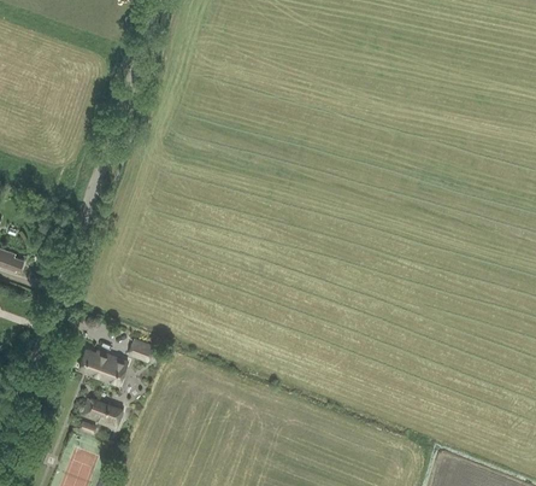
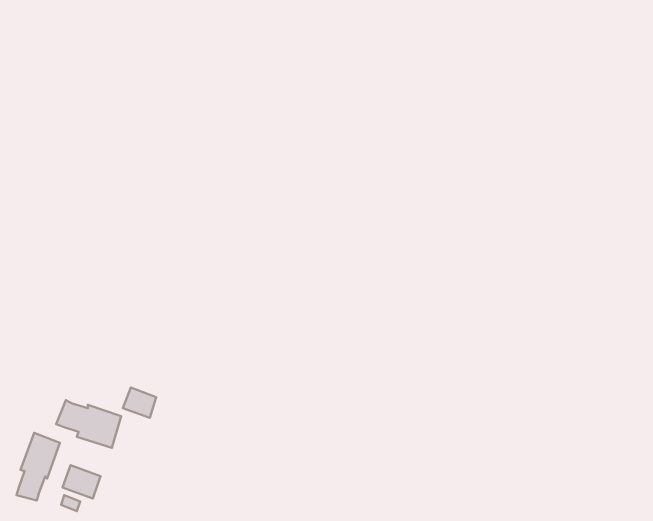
building: none -> [16,433,60,501]

